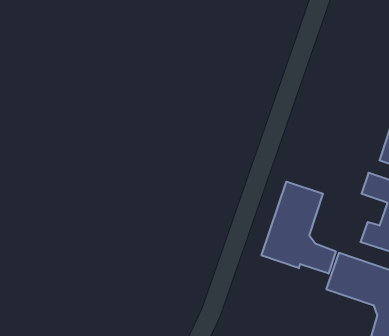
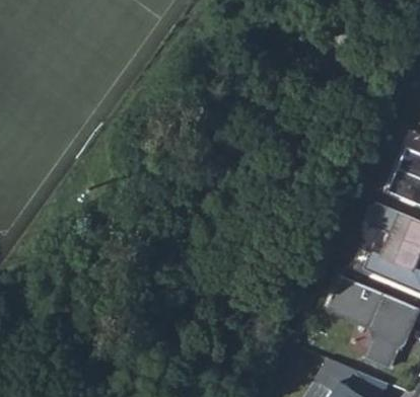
building: [262,182,336,274] -> none

